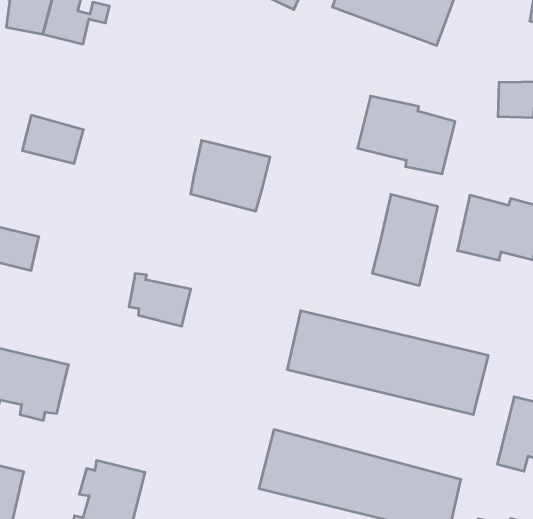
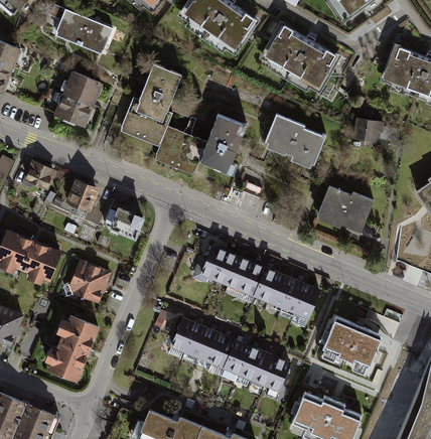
building: none -> [120,62,182,147]
building: none -> [62,70,103,108]
building: [372,194,438,285] -> [199,115,247,174]
building: none -> [64,178,100,212]
building: none -> [68,259,112,304]

